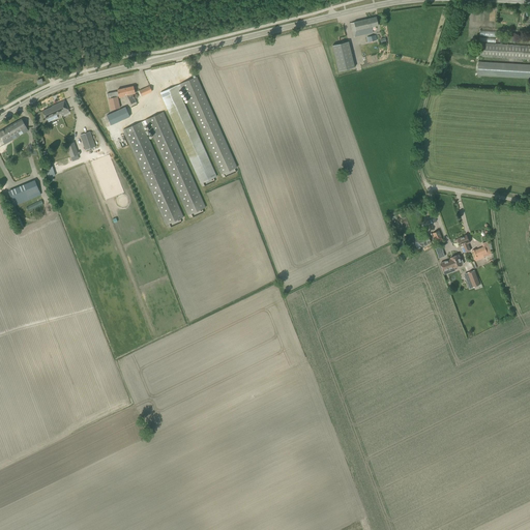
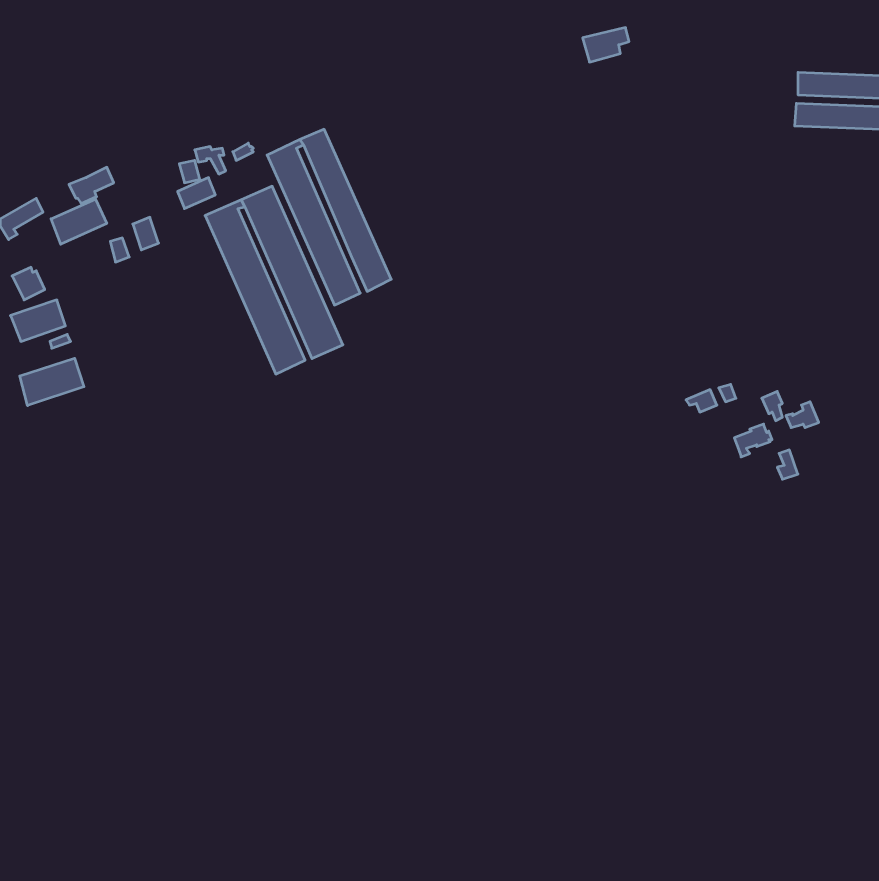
building: [333,41,355,71] -> none
building: none -> [51,199,107,244]
building: none -> [20,358,84,406]

